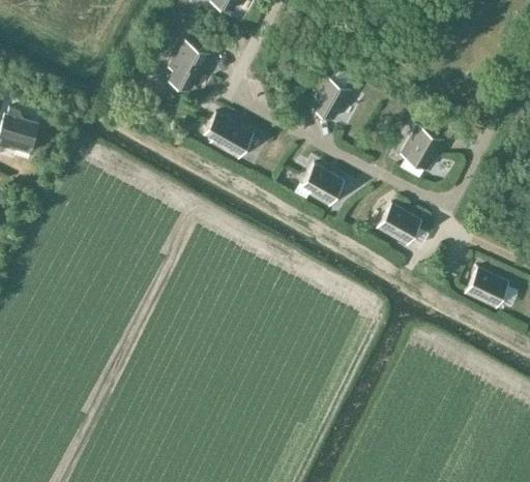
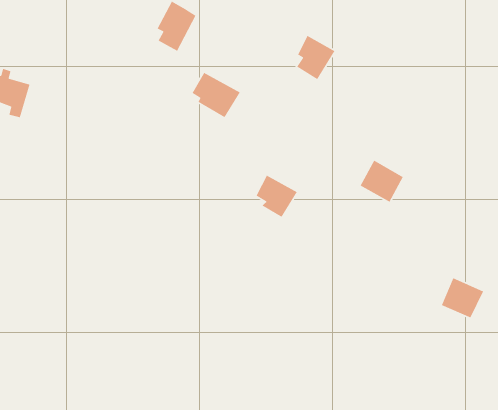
building: [401,124,445,171] -> none
building: [302,163,346,208] -> [256,175,298,218]
building: [466,267,510,309] -> [441,277,484,319]

